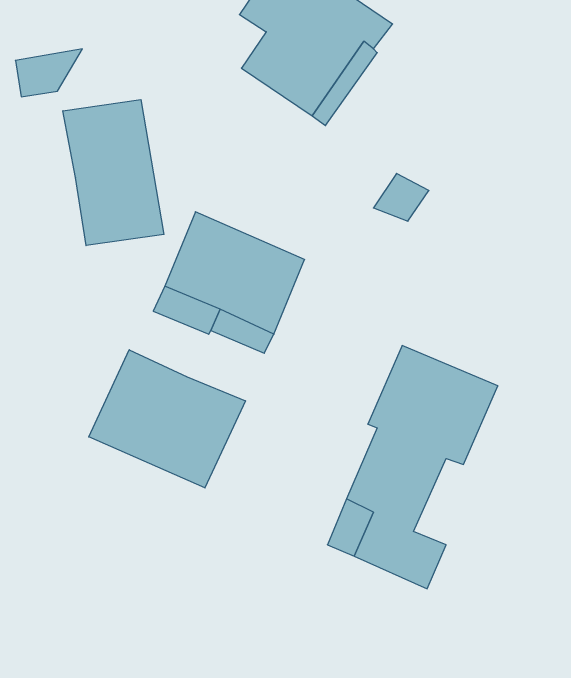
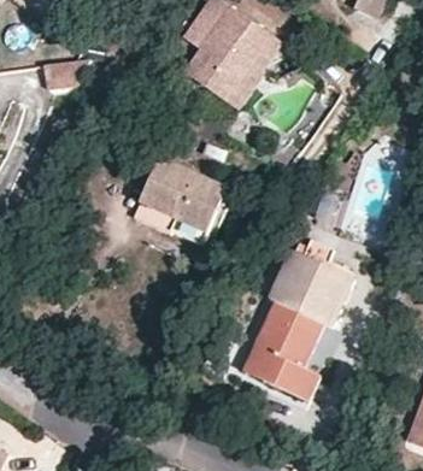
building: [63,100,164,246] -> none
building: [89,350,245,488] -> none

